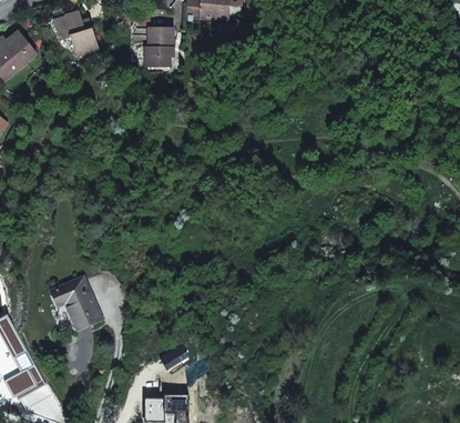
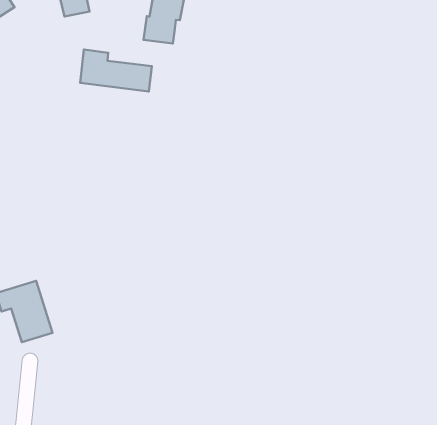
building: none -> [80,50,152,91]

